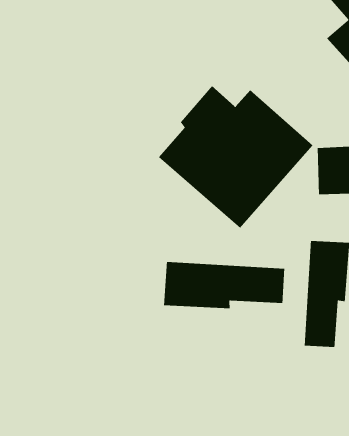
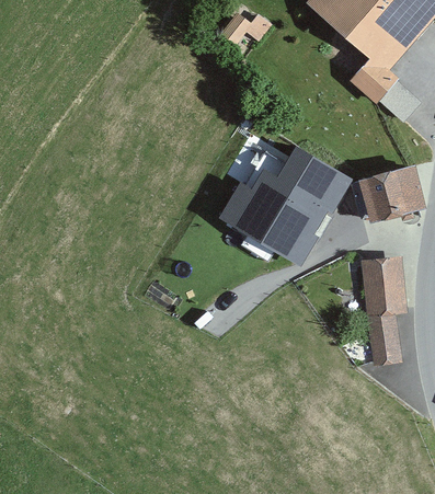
building: [163,261,285,309] -> none

